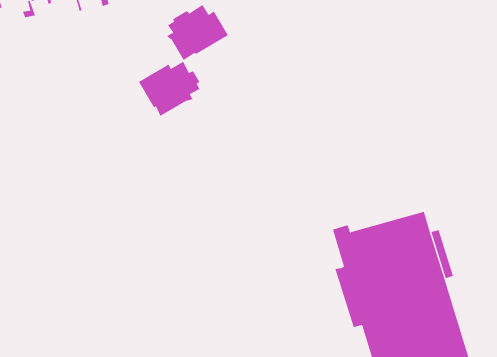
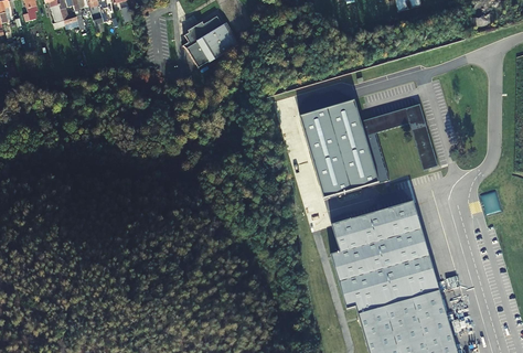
building: [138,61,200,117] -> none
building: none -> [297,97,433,195]

